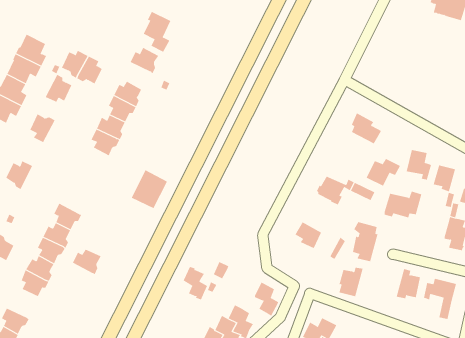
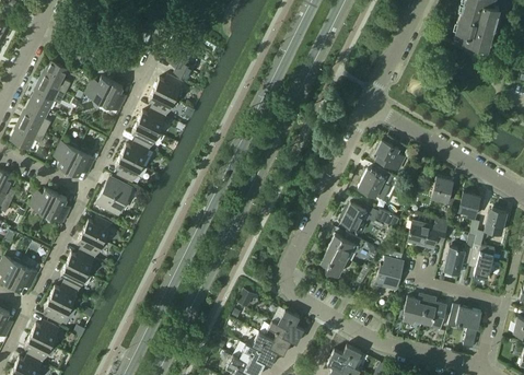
building: none -> [149,89,177,116]
building: [45,74,72,103] -> [68,147,95,175]
building: [366,158,401,187] -> [359,167,394,196]
building: none -> [45,192,71,222]
building: [131,170,168,209] -> [96,176,133,215]
building: none -> [327,232,364,259]
building: none -> [444,246,474,274]
building: [72,249,102,275] -> [83,215,113,242]
building: [183,266,208,300] -> [266,320,291,354]
building: [339,267,364,297] -> [404,294,429,324]
building: none -> [31,319,60,347]

